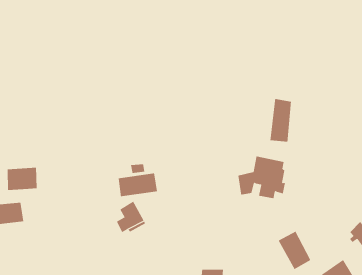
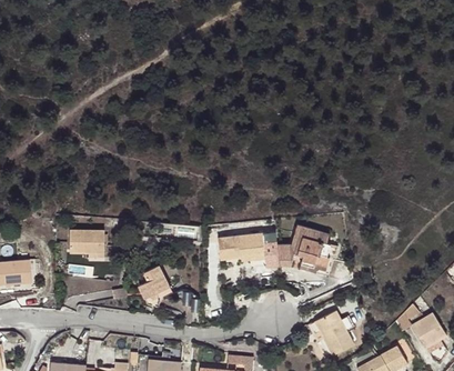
building: [270,98,292,143] -> none
building: [7,167,37,191] -> [68,231,103,255]
building: [118,173,158,197] -> [220,230,264,254]

